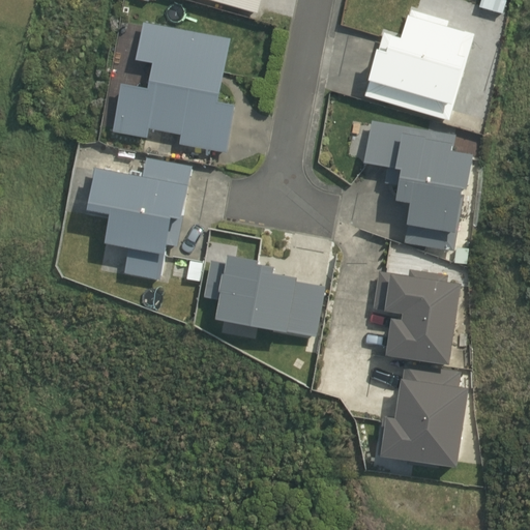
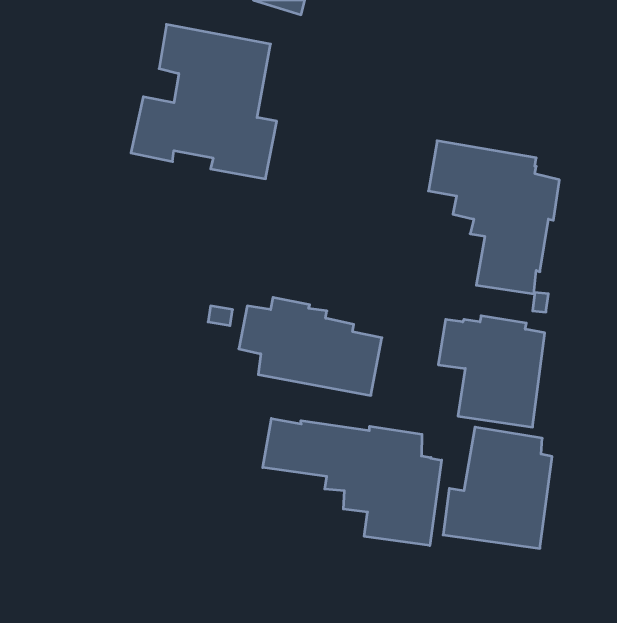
building: [362,10,472,121] -> none
building: [83,158,189,281] -> none
building: none -> [263,418,442,546]

